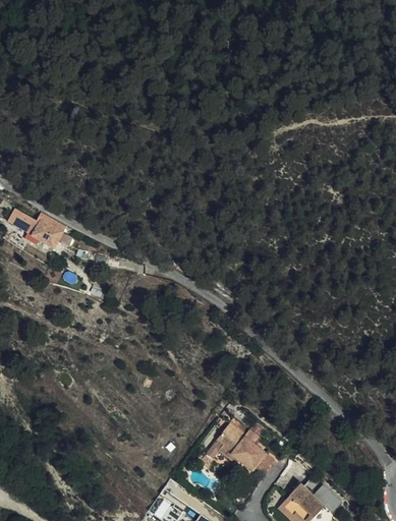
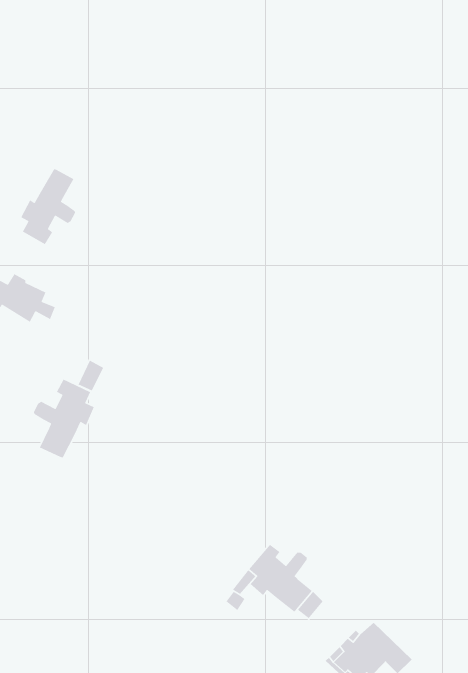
building: none -> [20,168,76,245]
building: none -> [33,378,95,459]

